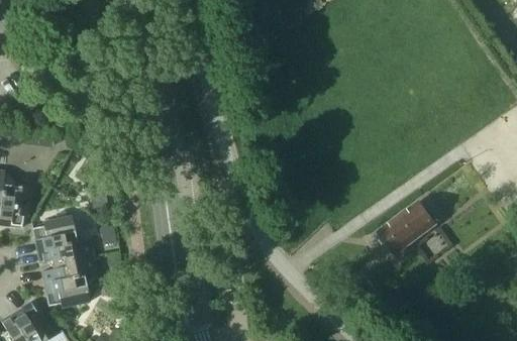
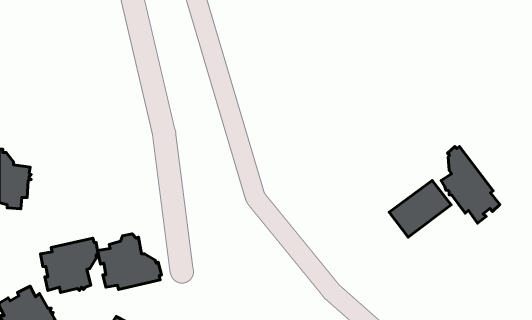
building: none -> [441,146,500,223]
building: [30,210,92,263] -> [98,234,161,289]

